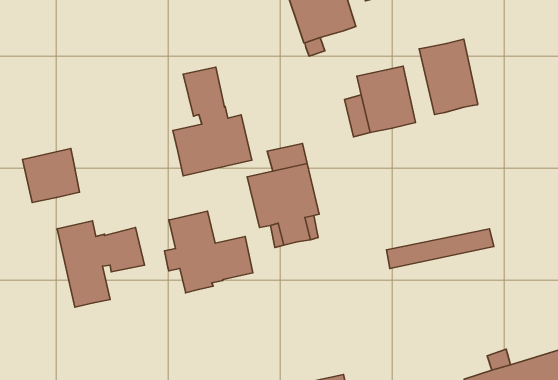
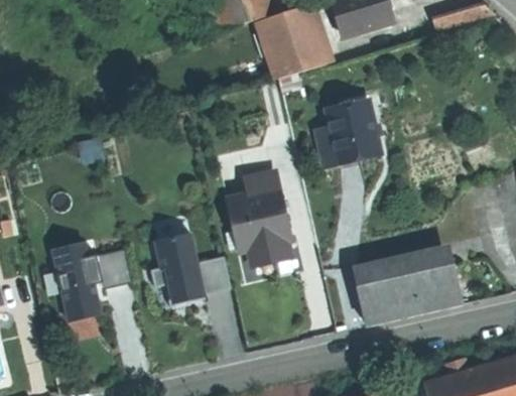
building: [419,39,478,114] -> none
building: [173,67,252,176] -> none
building: [22,149,80,203] -> none
building: none -> [357,265,461,325]

